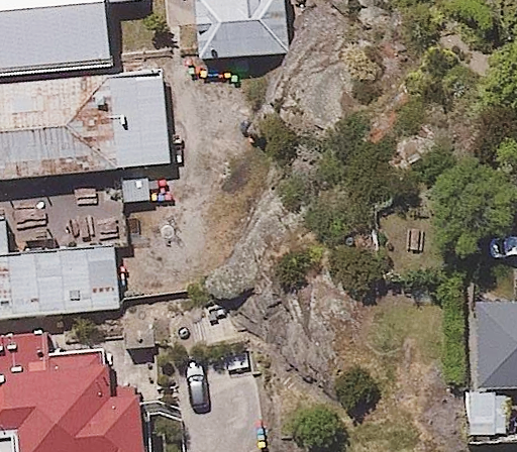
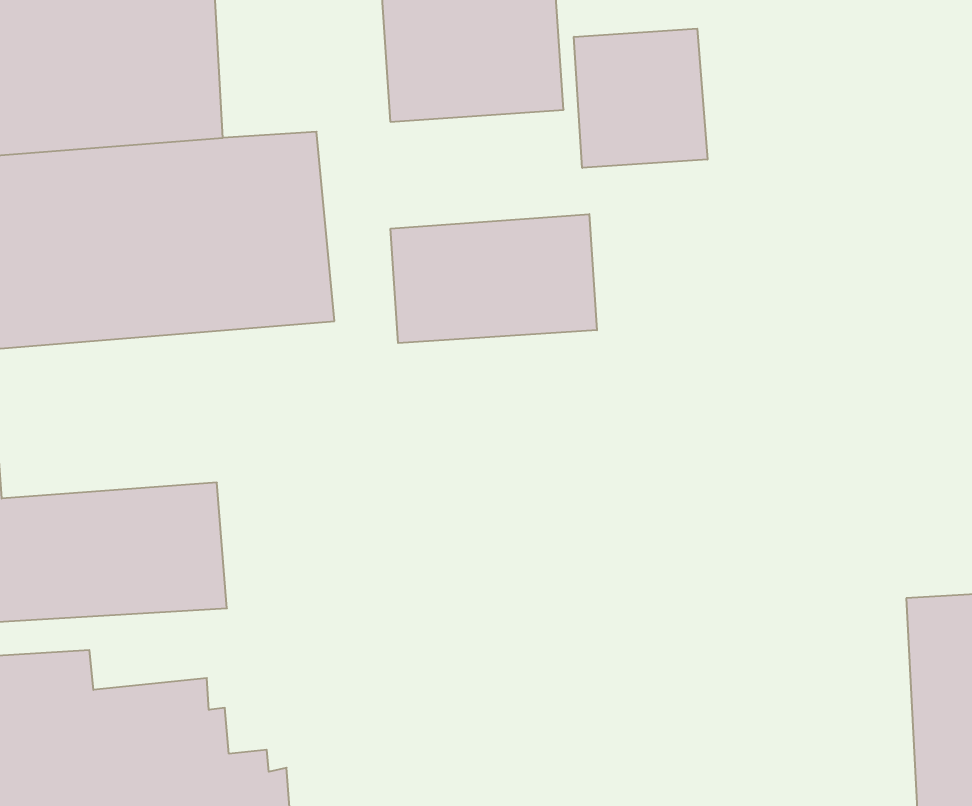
building: none -> [574,29,707,168]
building: none -> [391,214,597,343]

